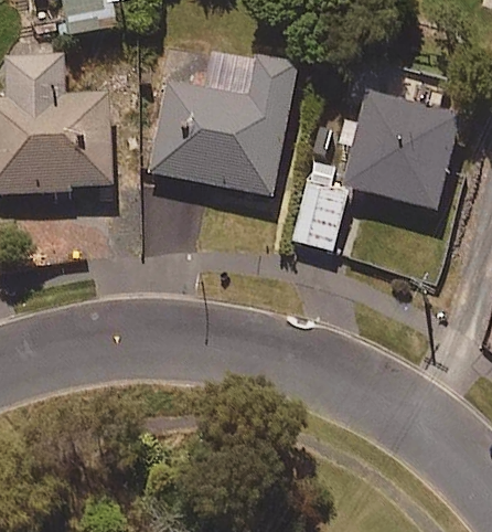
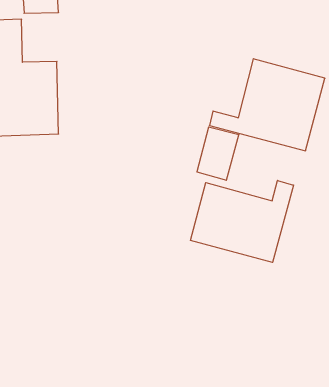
building: [149,56,296,193] -> none
building: none -> [191,180,294,262]

